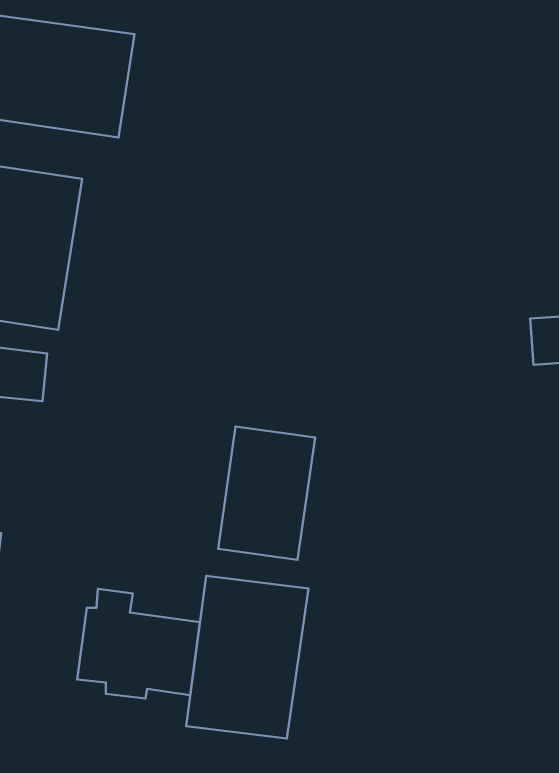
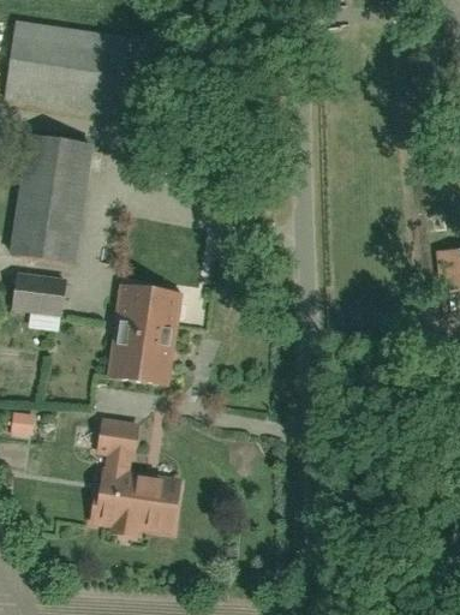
building: [218,426,315,560] -> [107,285,180,386]
building: none -> [96,419,136,459]
building: [186,576,308,739] -> none

